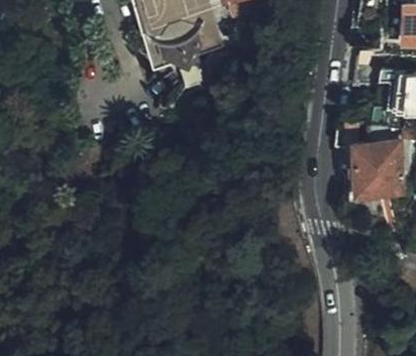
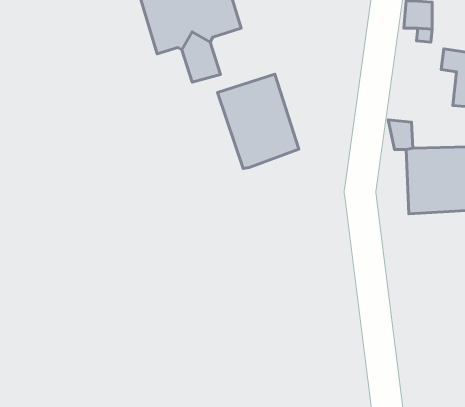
building: none -> [217,74,299,168]

